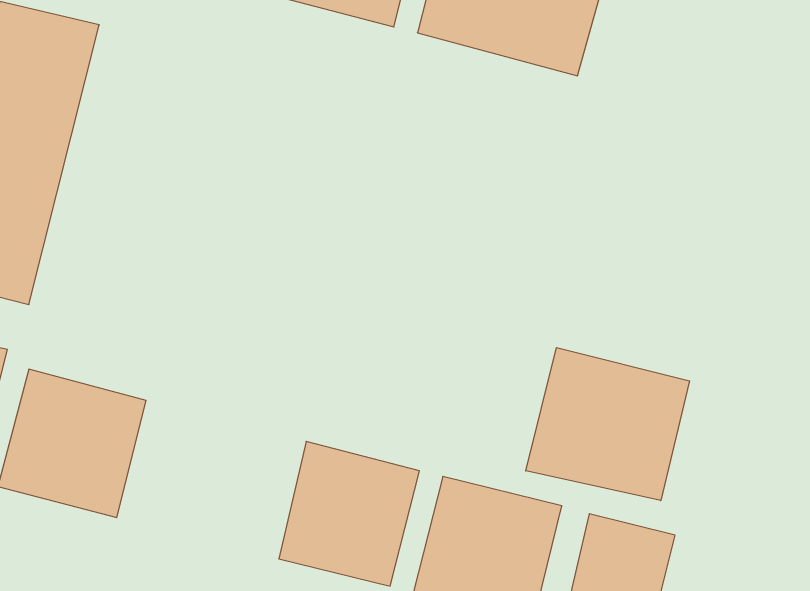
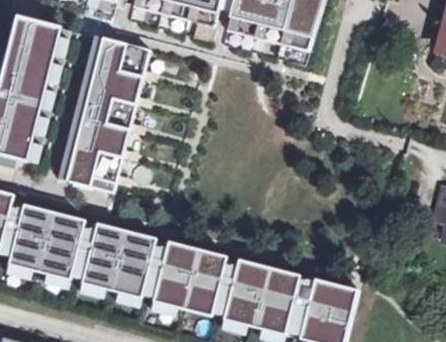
building: none -> [58,34,149,192]
building: [526,348,690,501] -> none
building: none -> [83,222,156,297]

